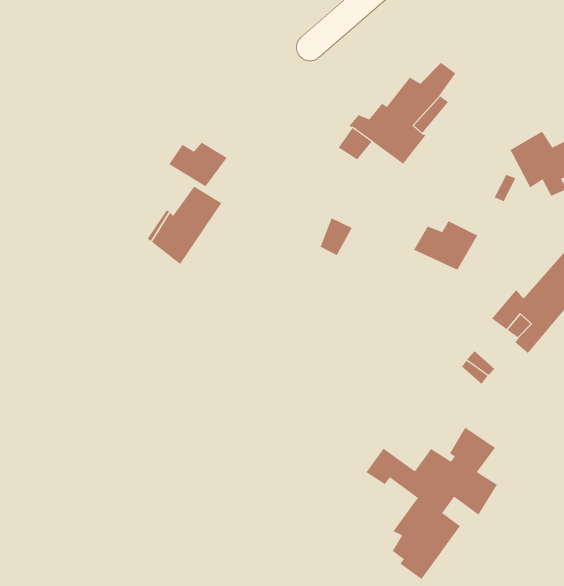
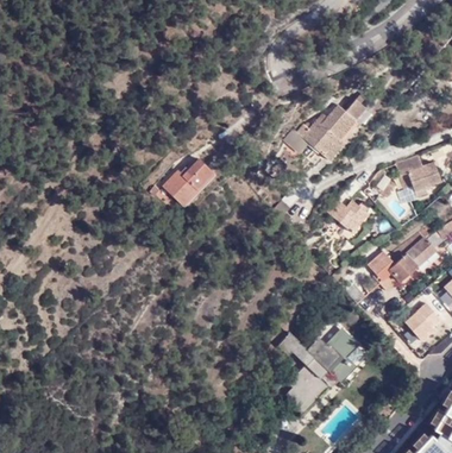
building: [168,142,228,187] -> none

